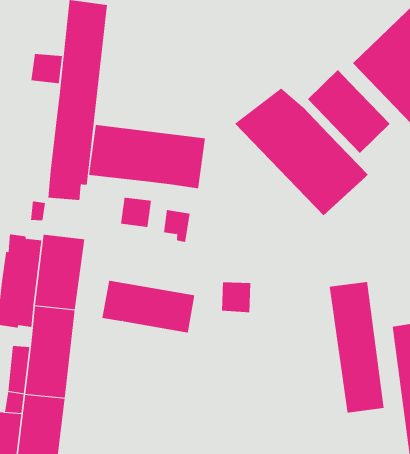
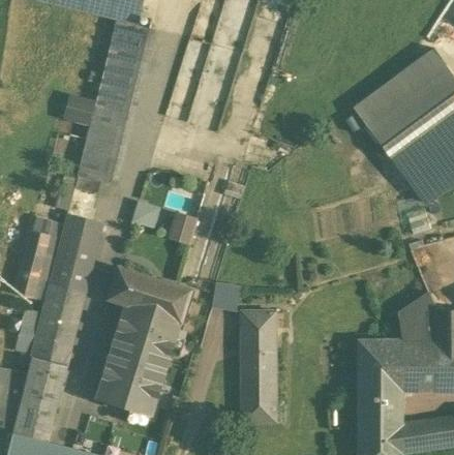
building: [30,54,63,84] -> [64,95,95,124]
building: [307,69,391,154] -> none
building: [234,88,369,216] -> none
building: [89,124,206,189] -> none
building: [329,282,384,413] -> [241,310,275,422]
building: none -> [96,304,180,419]

